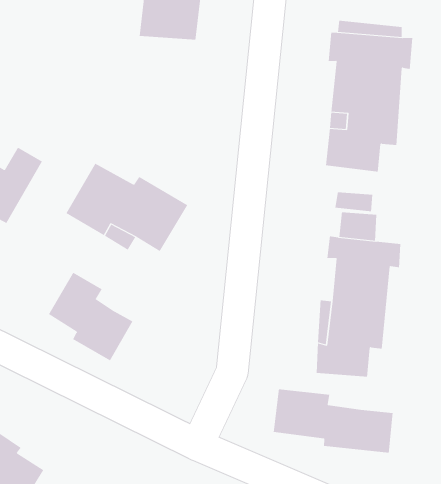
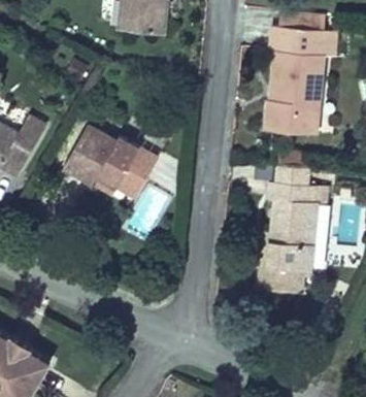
building: [48,272,133,361] -> none
building: [273,389,393,453] -> none

